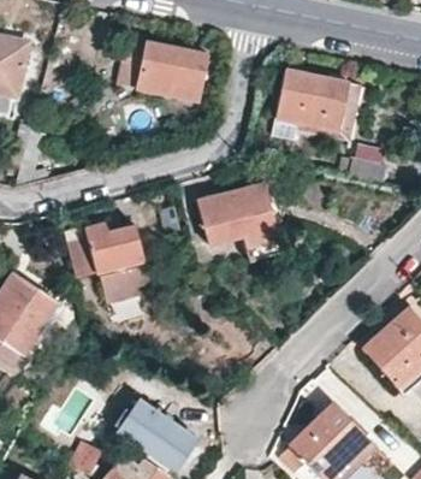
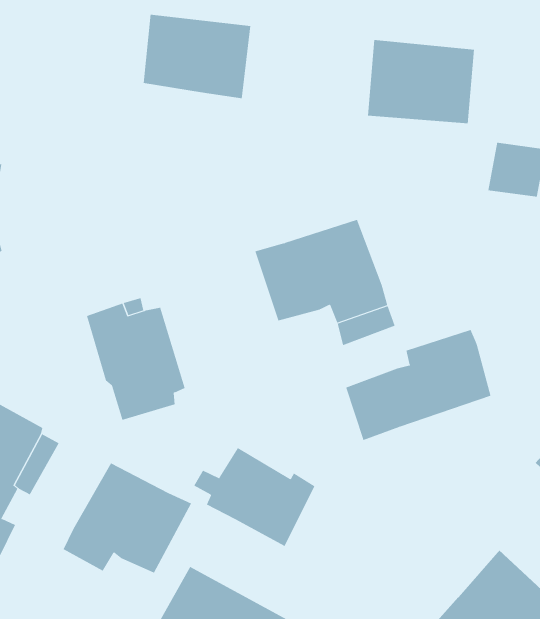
building: none -> [345,329,491,441]
building: none -> [194,447,315,547]
building: none -> [63,463,192,573]

